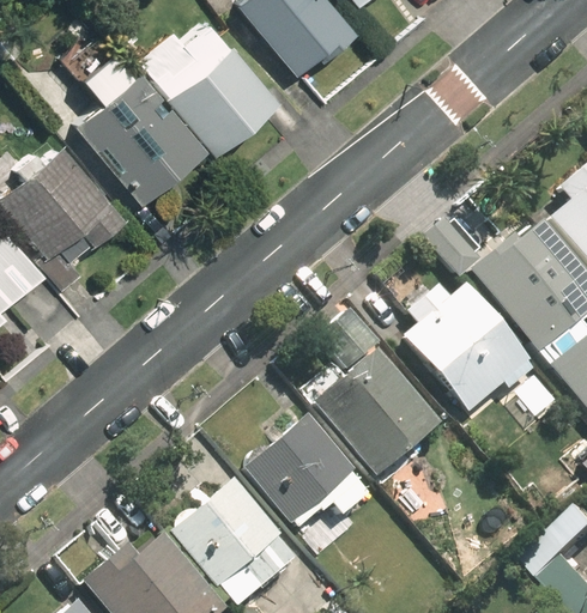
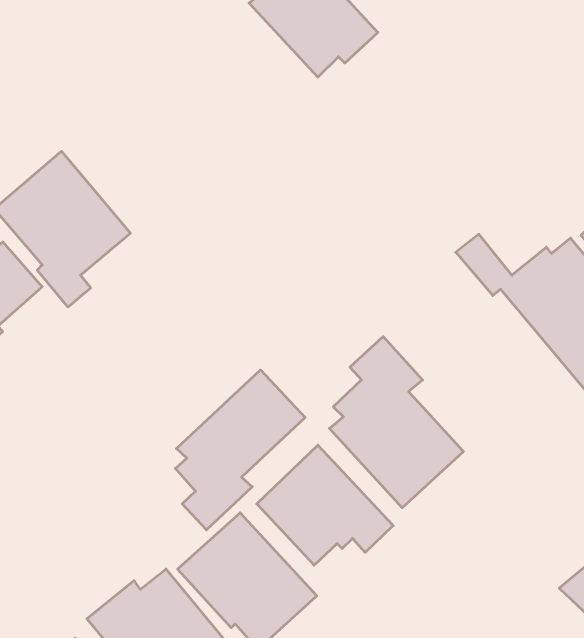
building: [143,19,282,156] -> none
building: [68,42,205,205] -> none
building: [406,285,533,414] -> none
building: none -> [175,370,305,530]

